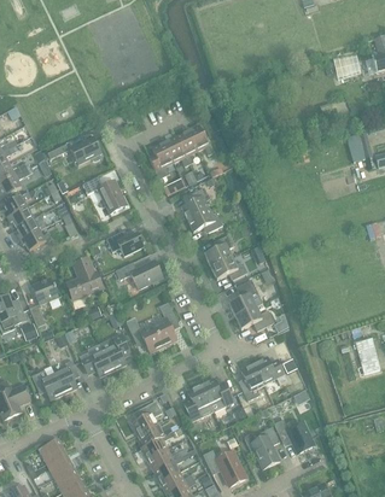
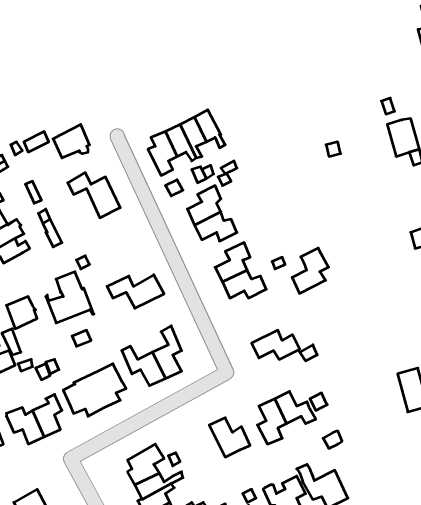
building: [105,230,144,255] -> none
building: [228,279,258,316] -> [292,248,329,293]
building: [185,384,212,421] -> none

